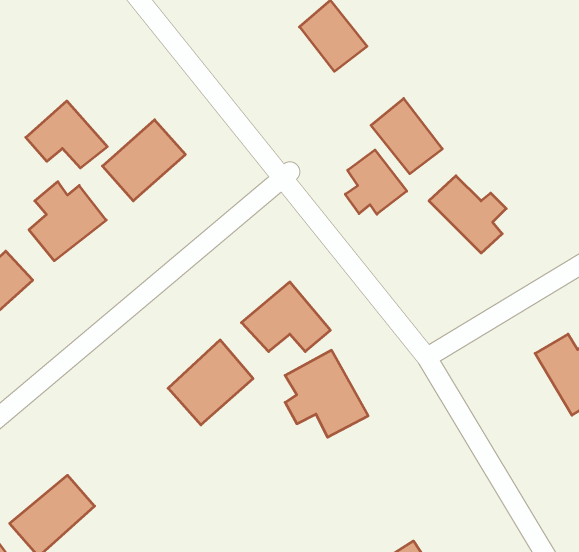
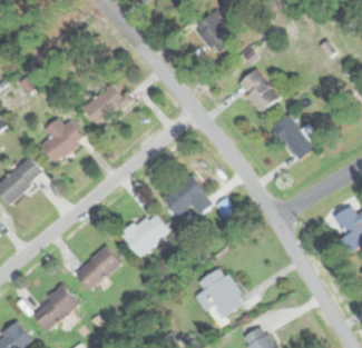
building: [26,101,107,168] -> none
building: [345,150,407,214] -> none
building: [285,350,368,437] -> [197,266,245,316]
building: none -> [77,247,120,287]

